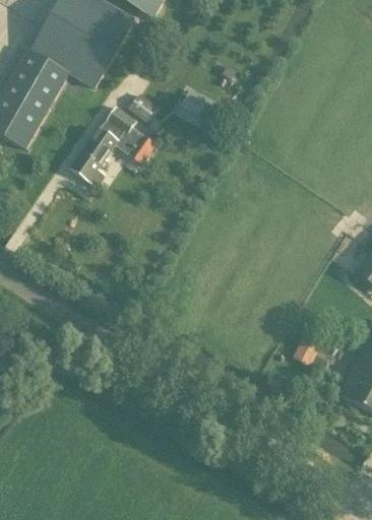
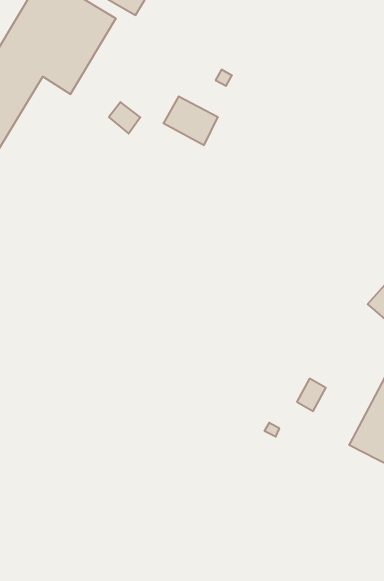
building: [69,108,154,186] -> none

